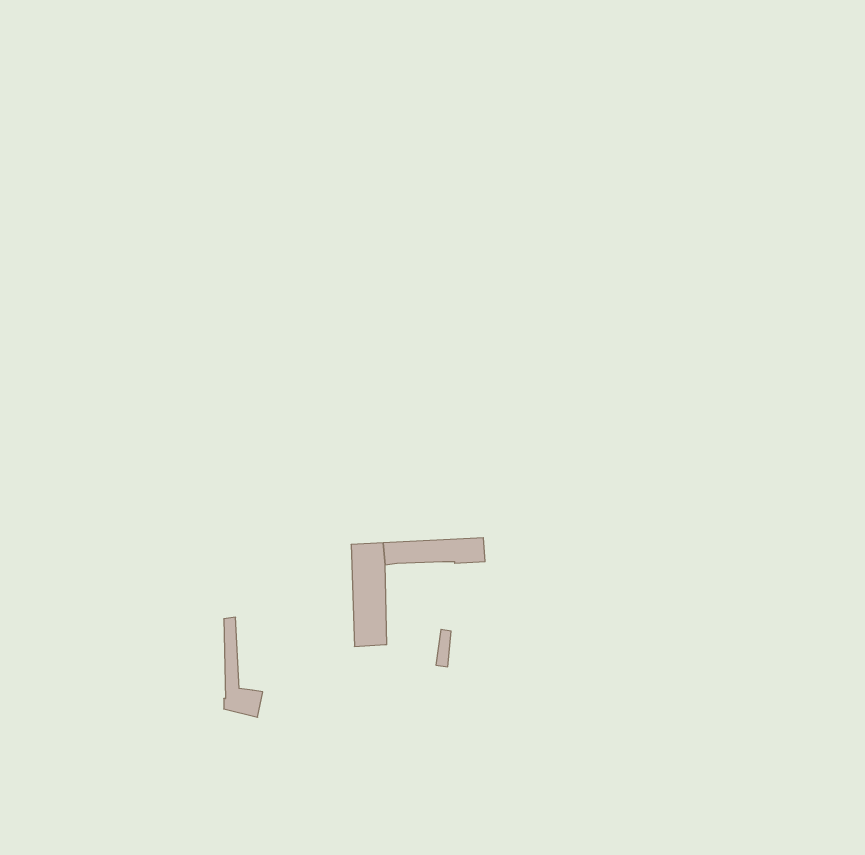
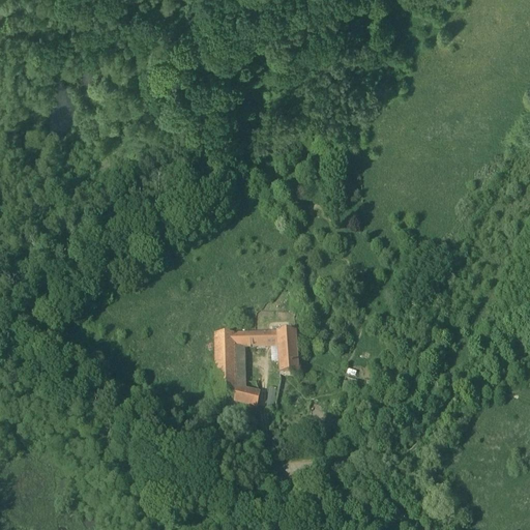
building: none -> [278,343,299,372]
building: [224,617,263,717] -> [236,344,260,405]

